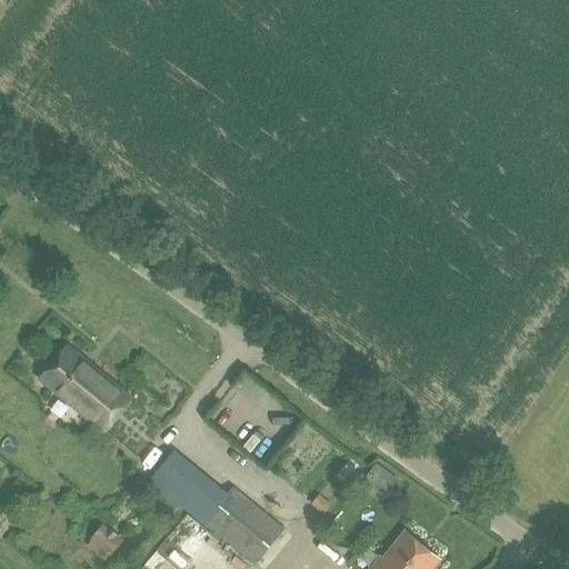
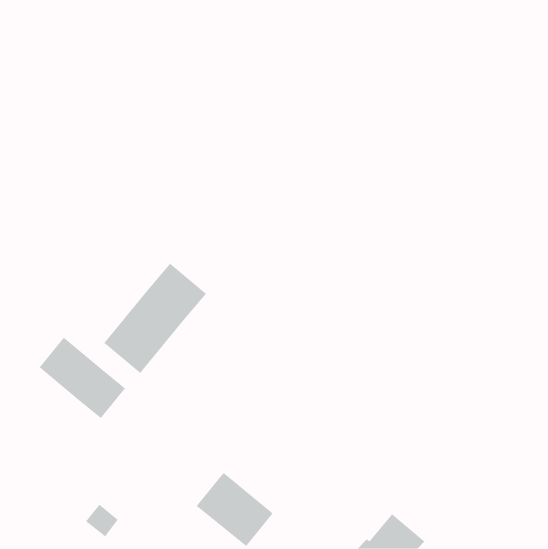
building: none -> [103,263,207,374]
building: [150,452,224,522] -> none

